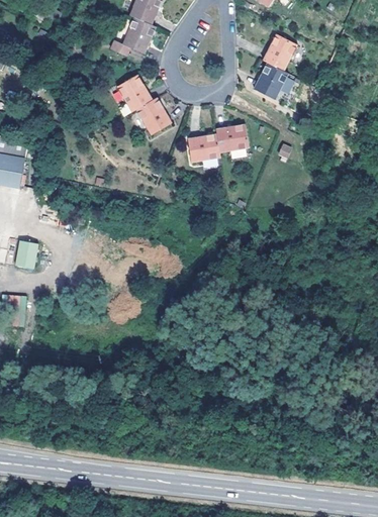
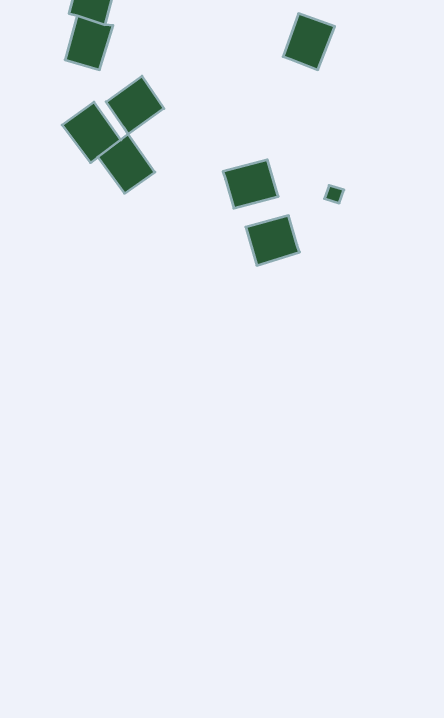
building: none -> [106,76,164,134]
building: [254,62,289,100] -> none
building: [188,133,220,163] -> [246,216,300,265]

